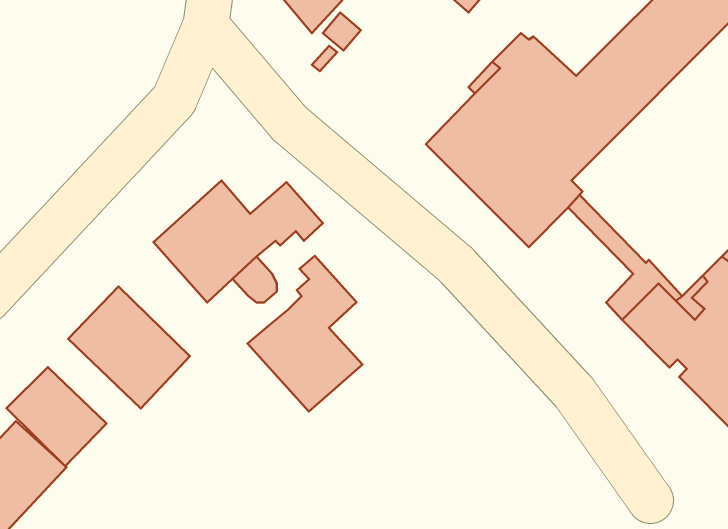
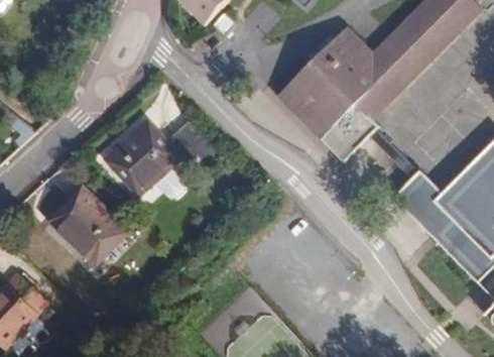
building: [248,256,363,412] -> none
building: [6,367,107,466] -> none

